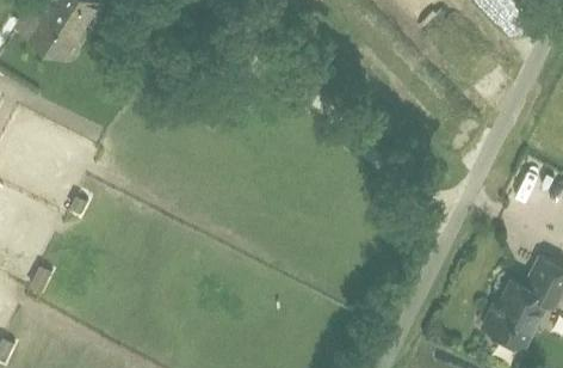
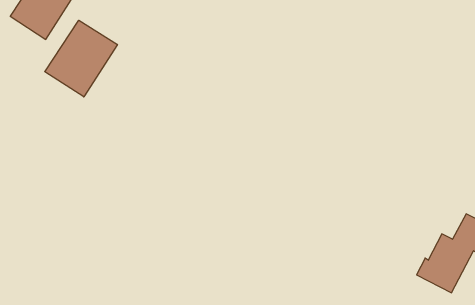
building: none -> [45,20,117,97]

